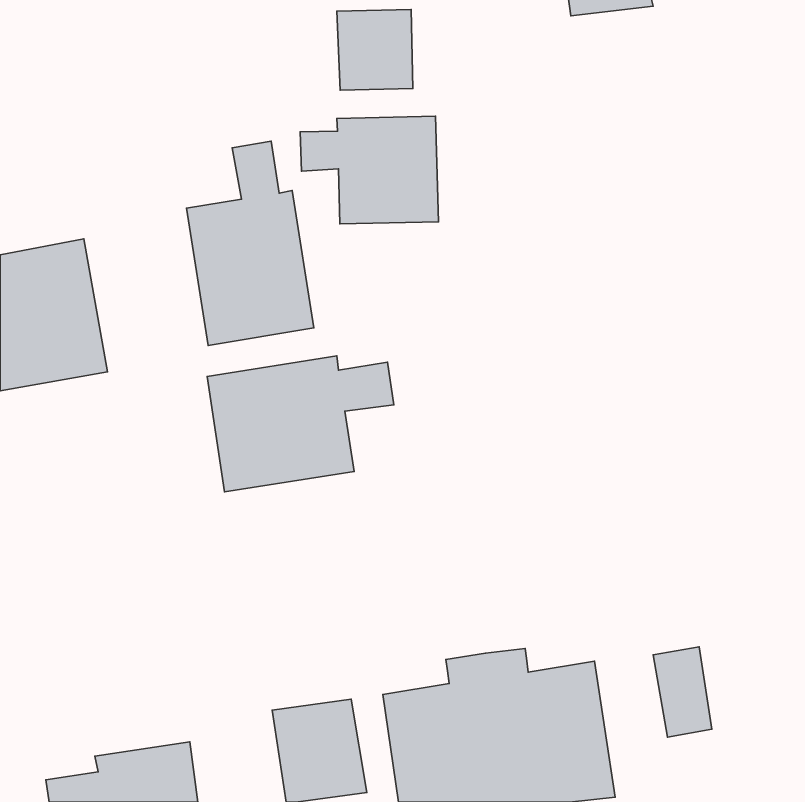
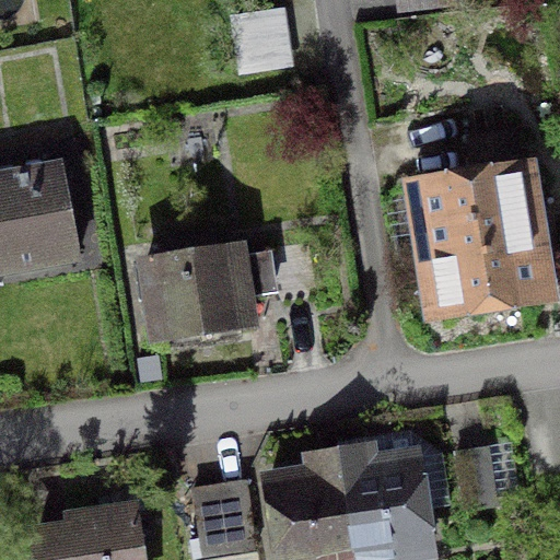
building: [300,116,438,224] -> none
building: [186,141,314,345] -> none
building: none -> [423,137,535,307]

